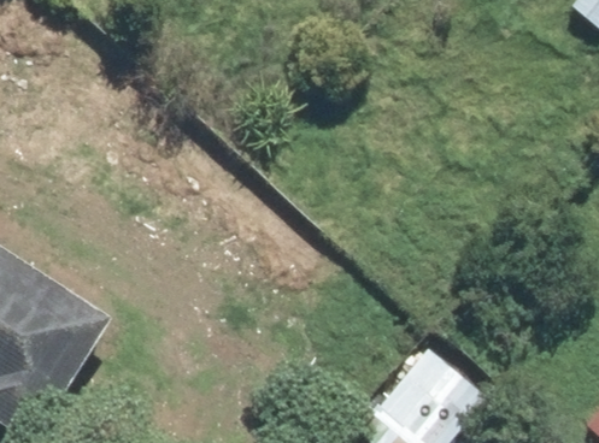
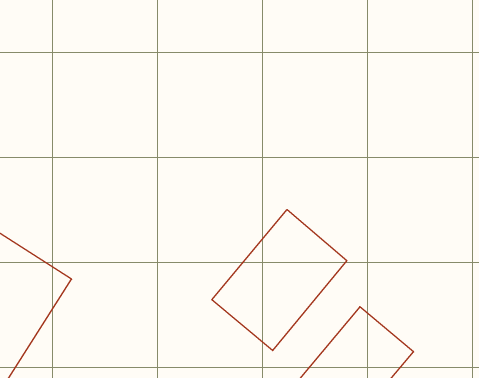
building: none -> [212,210,347,351]

